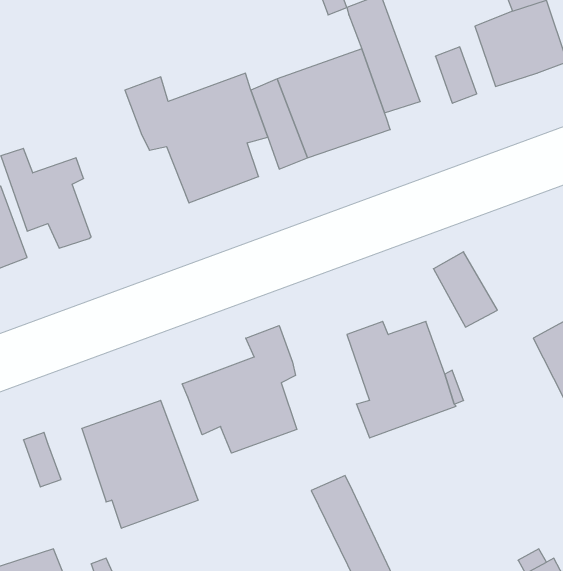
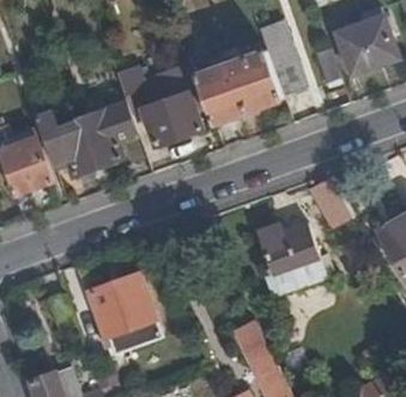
building: none -> [83,104,138,169]
building: [182,326,297,453] -> none

